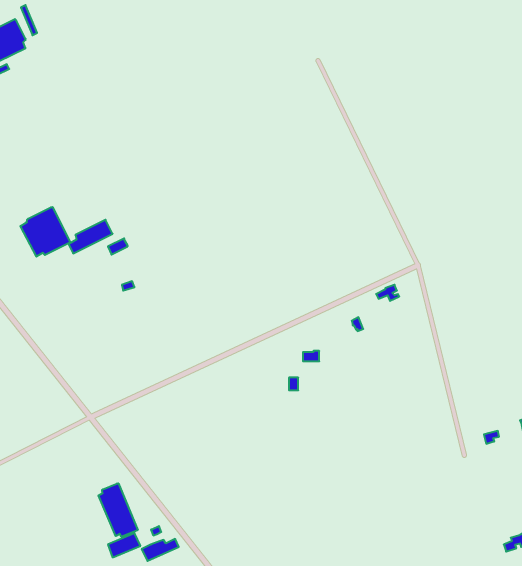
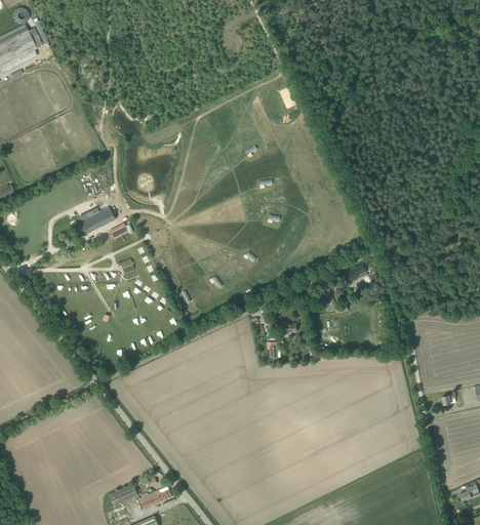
building: [20,207,70,257] -> none
building: [98,483,138,537] -> none

